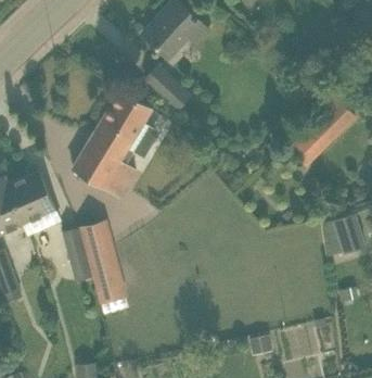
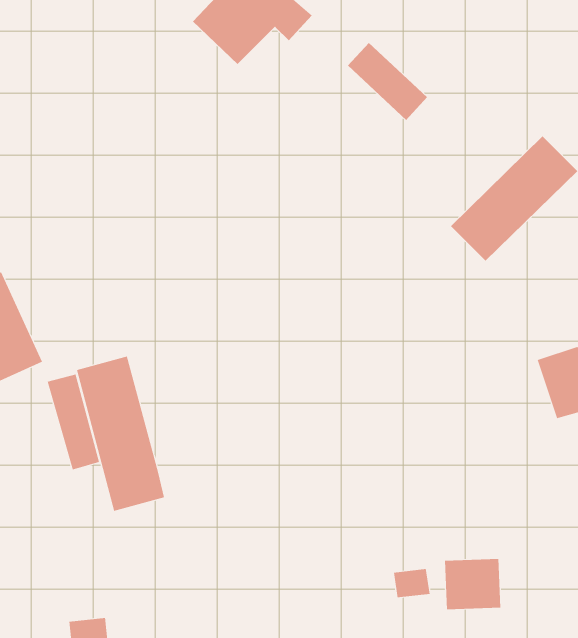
building: [144,66,189,110] -> [347,42,428,121]
building: [72,90,152,198] -> none

